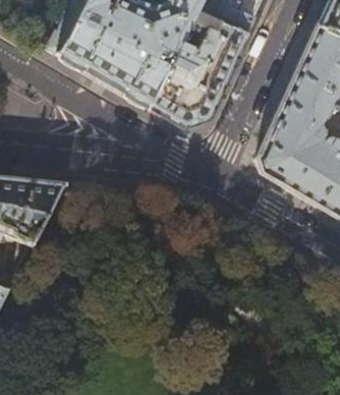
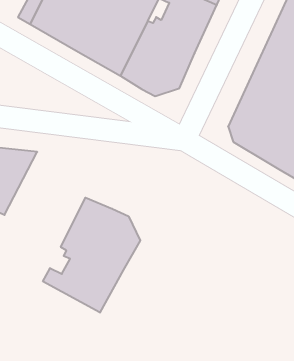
building: none -> [43,198,140,313]

